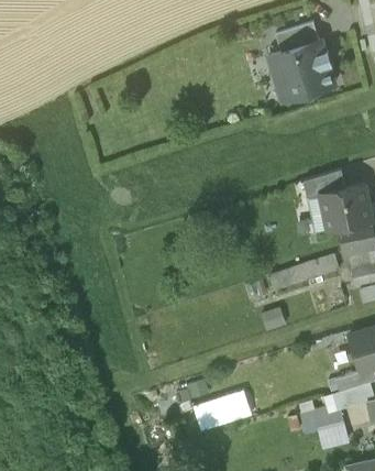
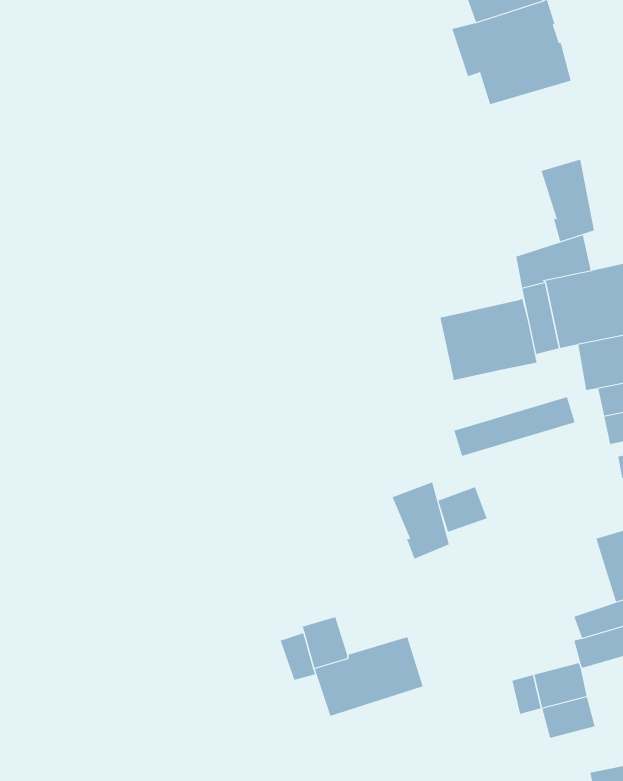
building: none -> [541,159,595,242]
building: none -> [440,298,537,381]
building: none -> [392,481,450,560]

